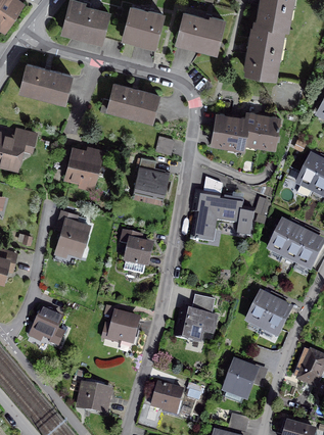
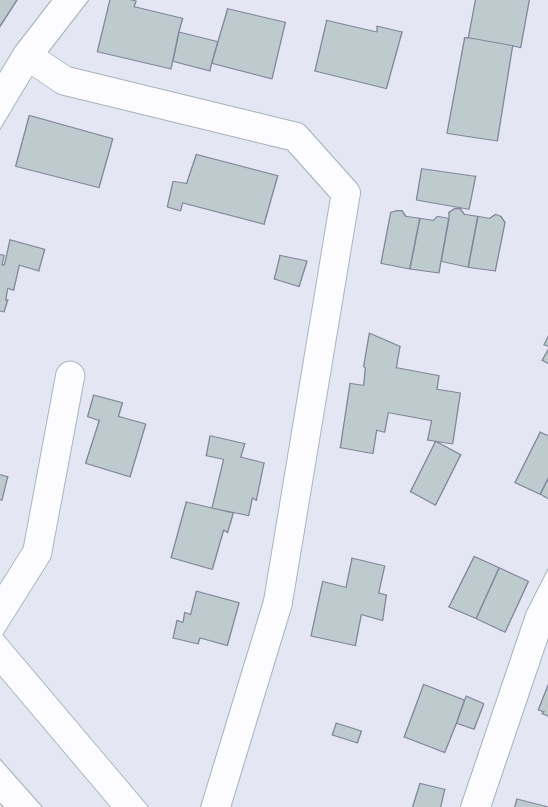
building: none -> [416,169,476,209]
building: [66,149,98,181] -> none
building: [135,157,169,195] -> none
building: [270,223,296,256] -> [410,441,461,505]
building: none -> [171,502,233,569]
building: [33,309,64,345] -> none
building: [152,384,183,412] -> none
building: [80,385,110,413] -> none

